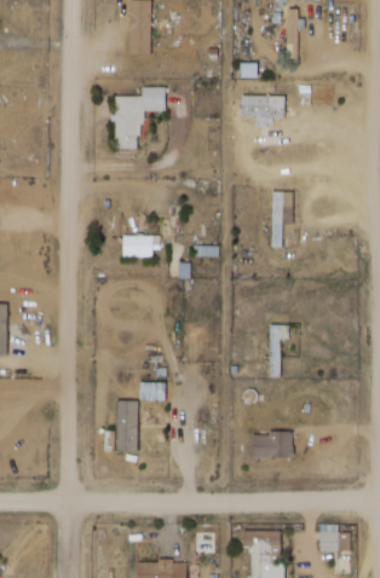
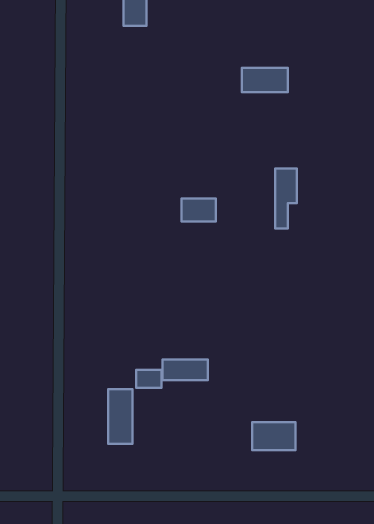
building: [114,87,165,150] -> none
building: [121,237,154,259] -> [181,198,216,221]
building: none -> [163,359,208,380]

